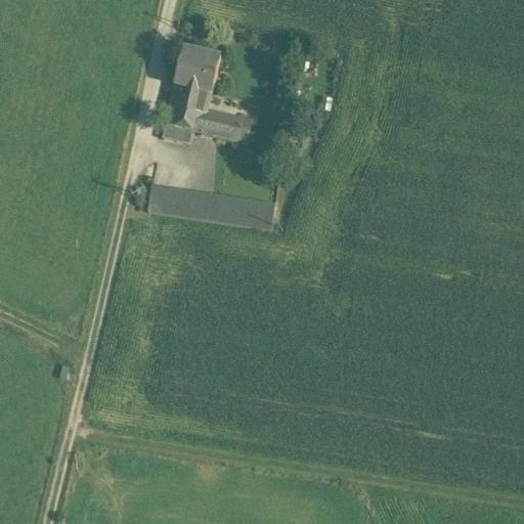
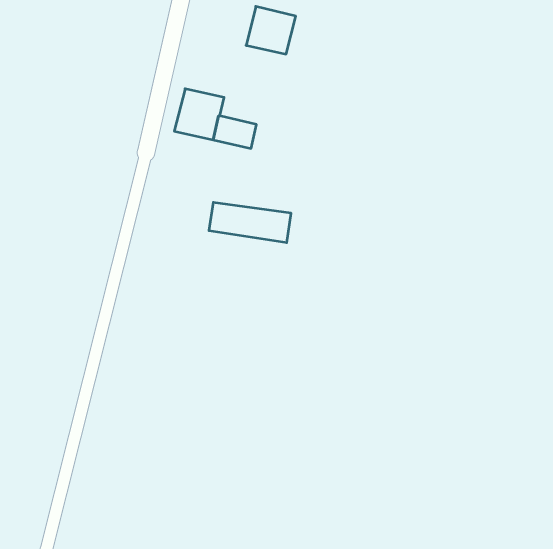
building: [174,47,221,92] -> [246,6,296,54]
building: [147,184,202,218] -> none

